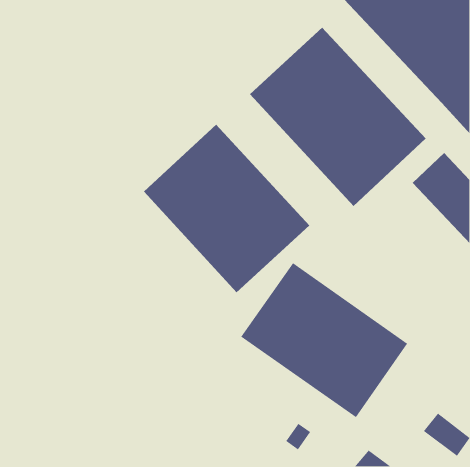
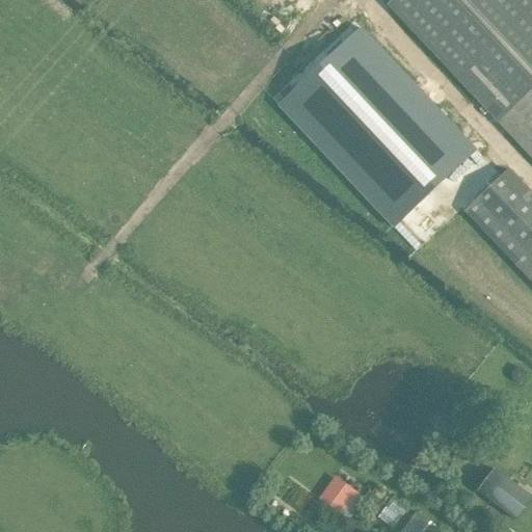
building: [143,124,310,293] -> none
building: [240,262,408,418] -> none

